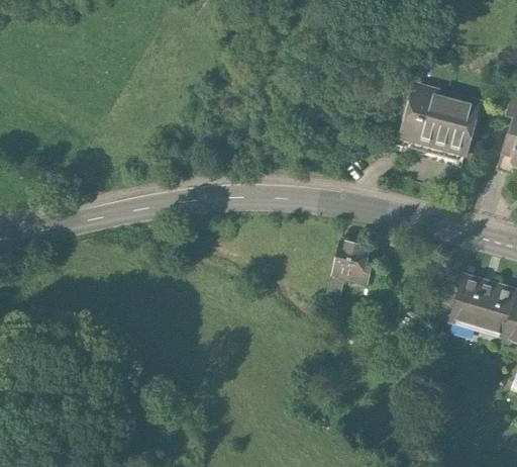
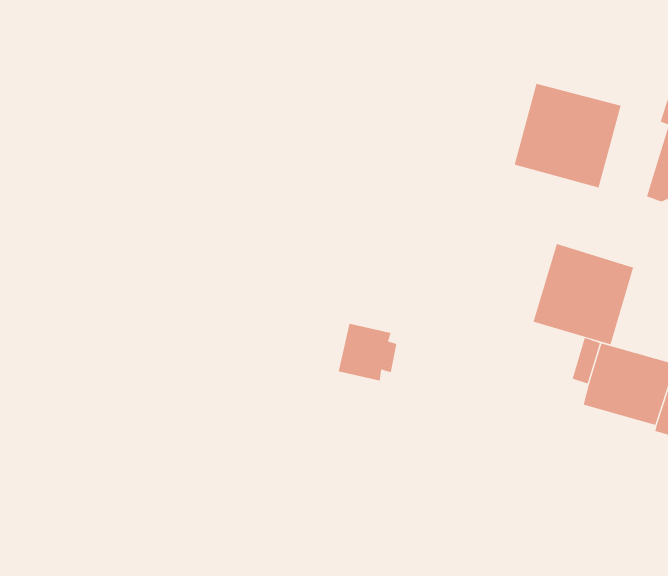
building: none -> [533,243,634,345]
building: [333,239,377,281] -> [338,323,397,381]

